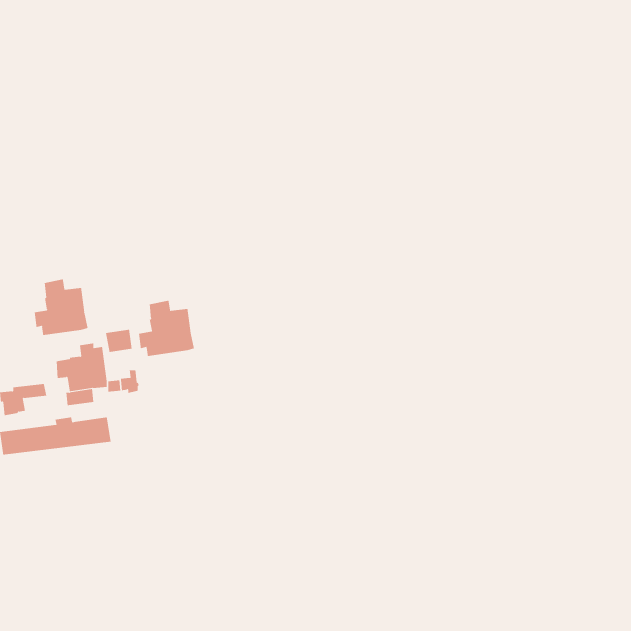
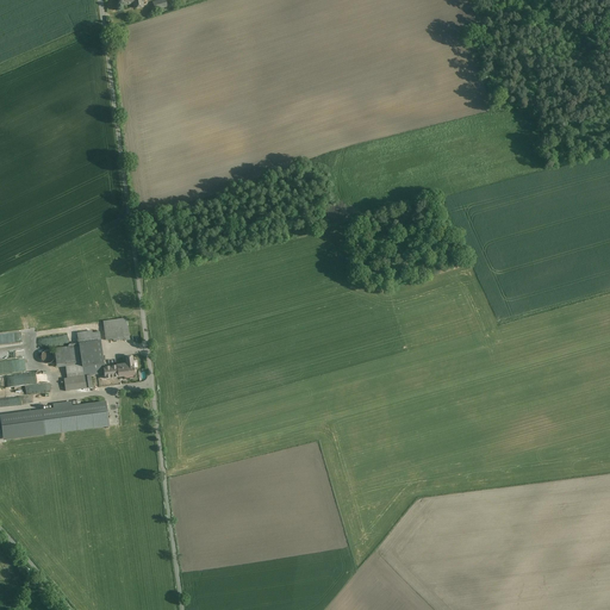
building: [34,278,88,336] -> none
building: [139,300,195,357] -> none

